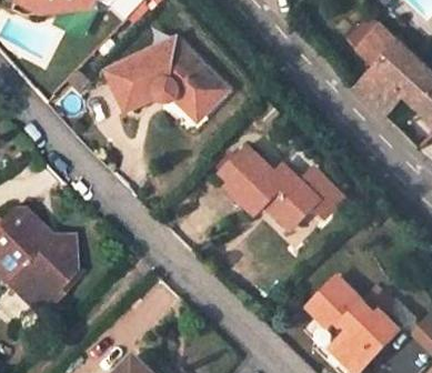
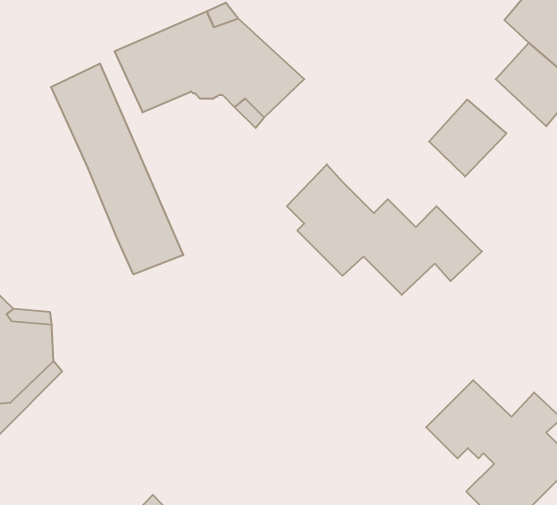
building: none -> [51,63,183,274]
building: none -> [429,100,506,177]

